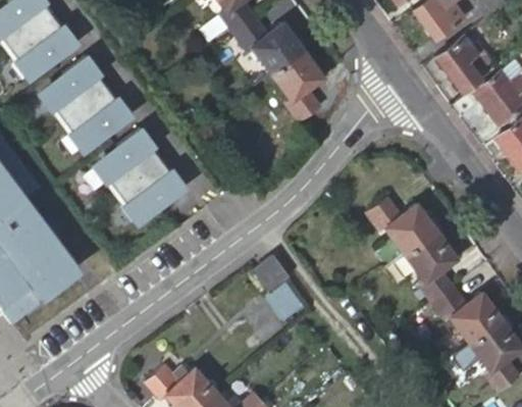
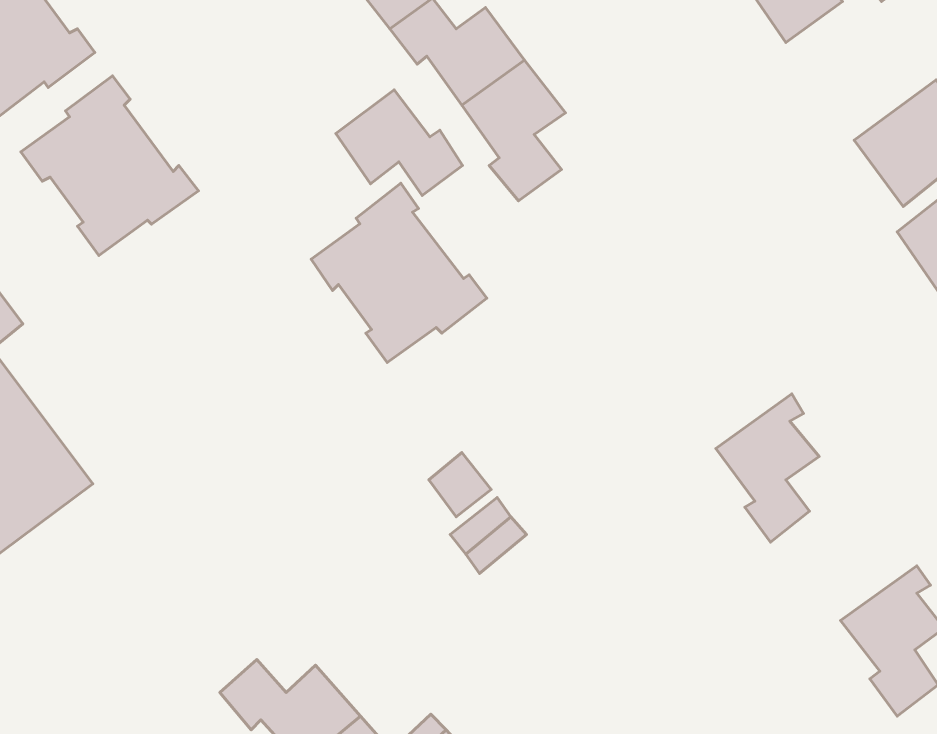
building: [438,32,482,92] -> none
building: none -> [336,90,462,196]
building: [95,131,187,224] -> [311,183,487,363]
building: [364,196,442,253] -> none
building: [431,286,508,343] -> none

